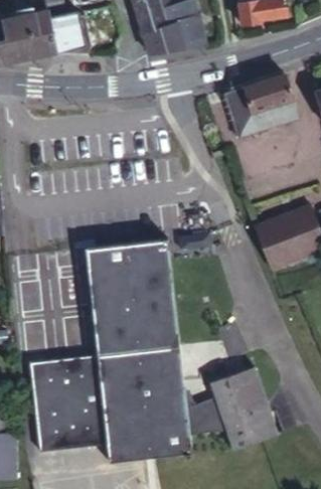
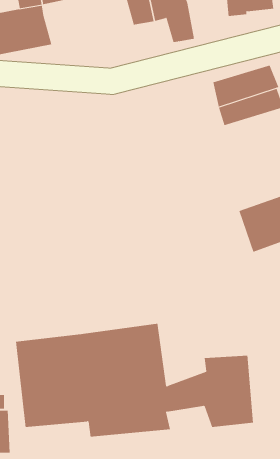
building: [50,16,88,53] -> none
building: [143,26,184,55] -> none
building: [75,240,169,354] -> none

